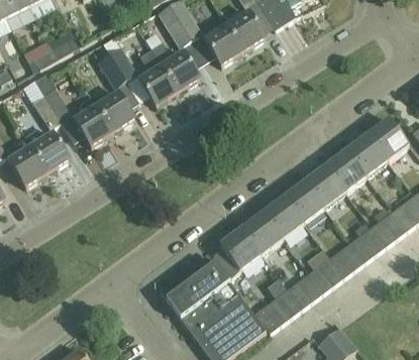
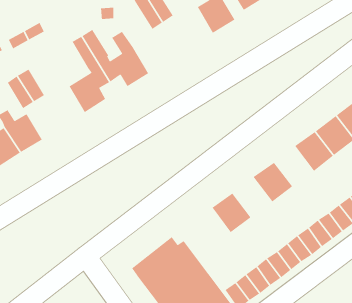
building: [204,24,242,66] -> none
building: [150,41,200,92] -> none
building: [74,95,112,146] -> none
building: [305,165,345,207] -> none
building: [263,197,303,238] -> none
building: [212,228,260,277] -> none

